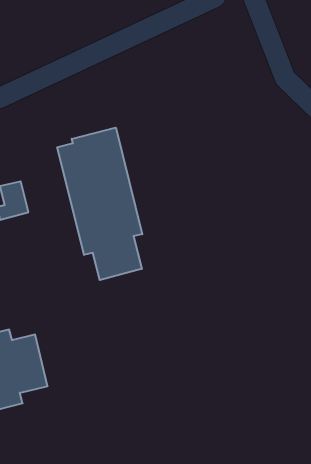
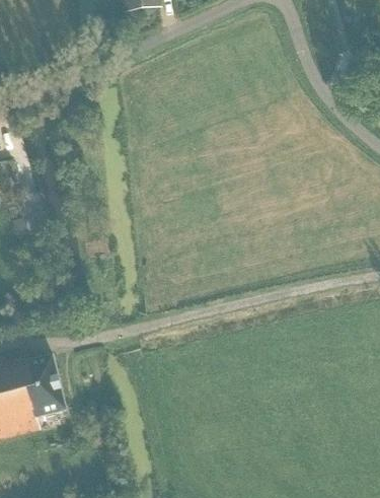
building: [57,128,142,280] -> none

